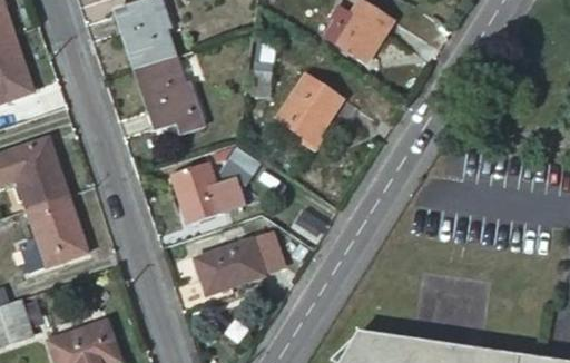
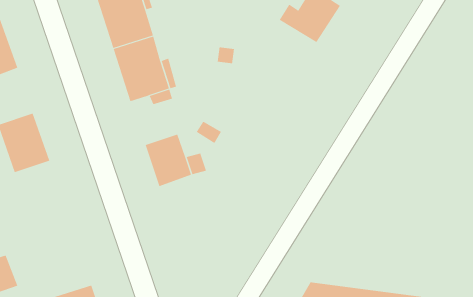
building: [274,76,338,154] -> none
building: [19,194,88,273] -> none
building: [195,232,284,294] -> none

